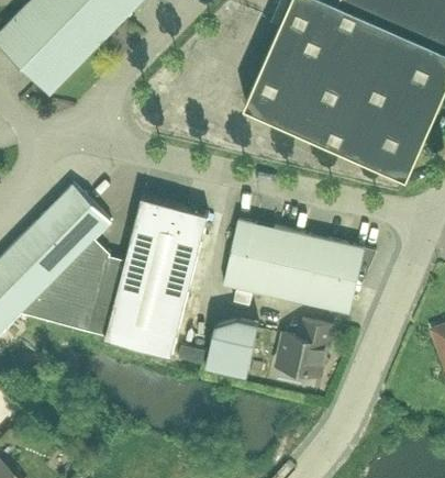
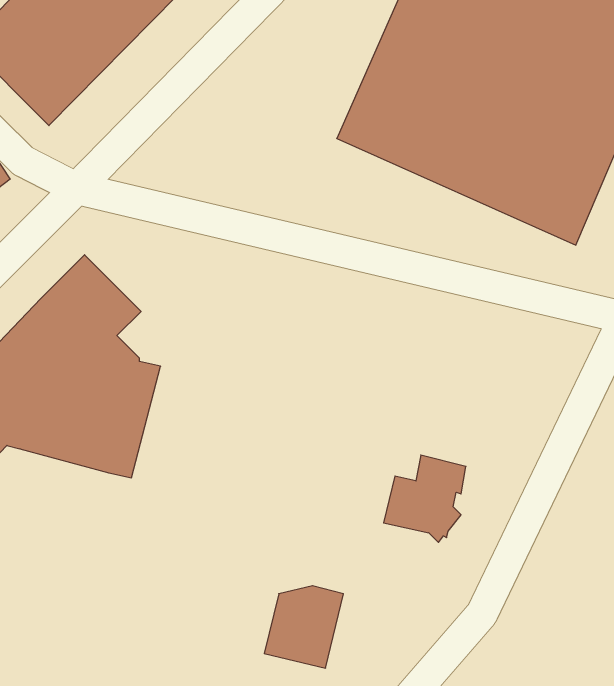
building: [103,197,209,357] -> none
building: [223,220,376,313] -> none
building: [204,321,258,377] -> [264,586,343,668]

